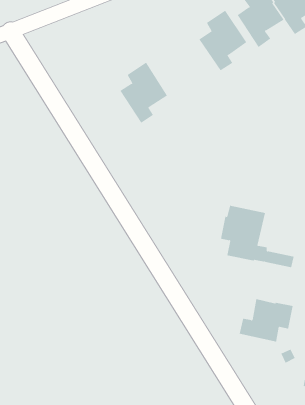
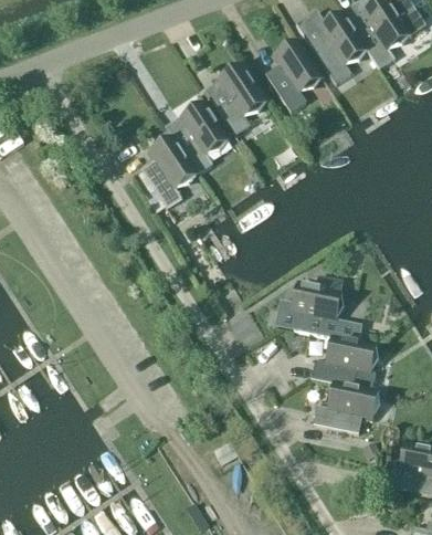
building: none -> [208,63,265,136]
building: none -> [139,135,196,208]
building: none -> [310,336,375,387]

